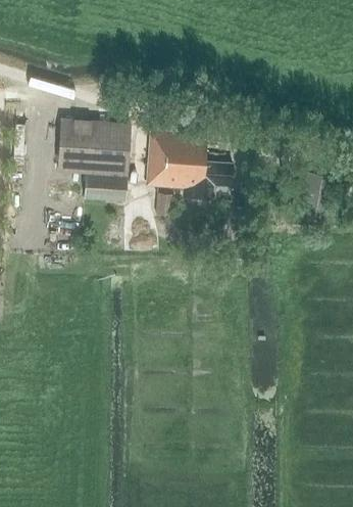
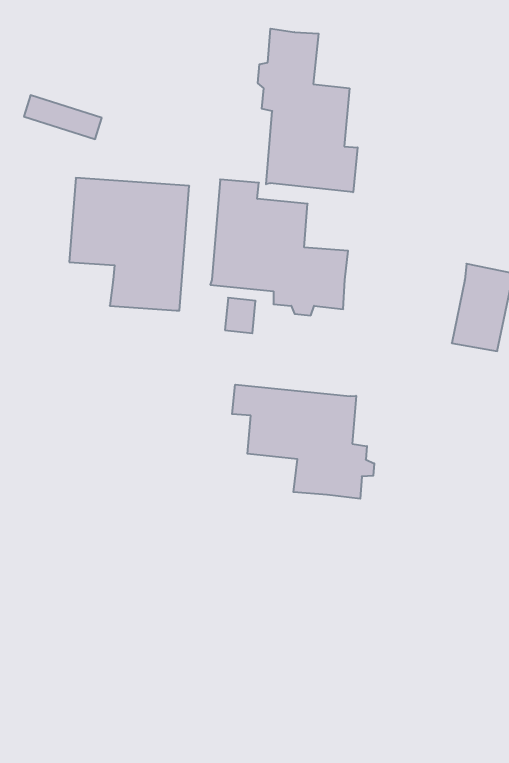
building: none -> [258,29,358,192]
building: none -> [232,385,374,499]

